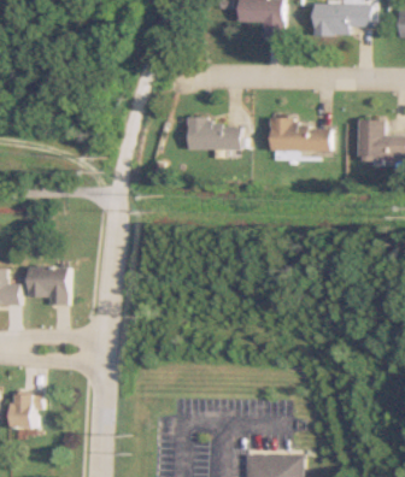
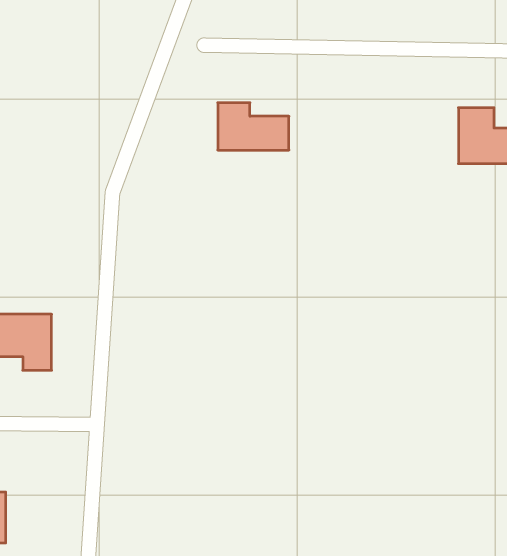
building: [271,122,328,151] -> none

